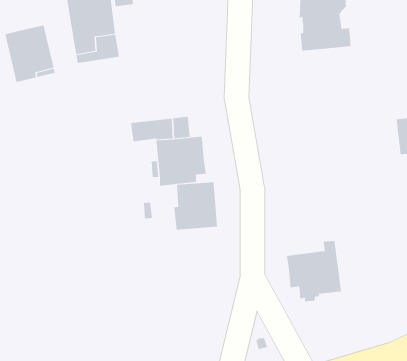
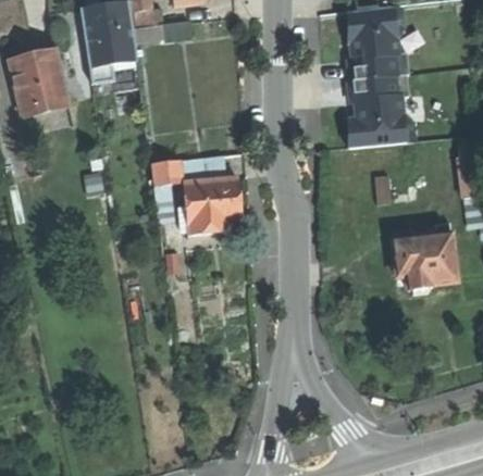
building: none -> [349,73,414,146]
building: [174,181,217,231] -> none
building: [286,241,342,302] -> [394,223,458,293]

